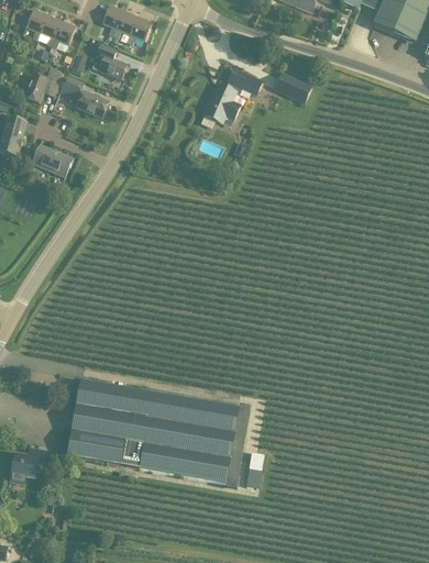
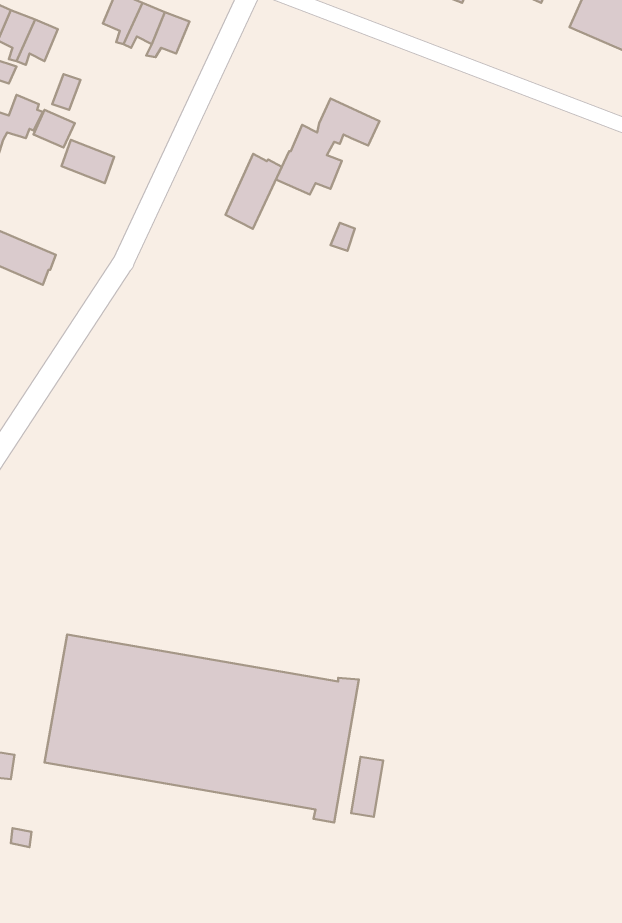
building: [91,44,125,80] -> none
building: [273,73,311,103] -> none
building: none -> [226,154,282,229]

